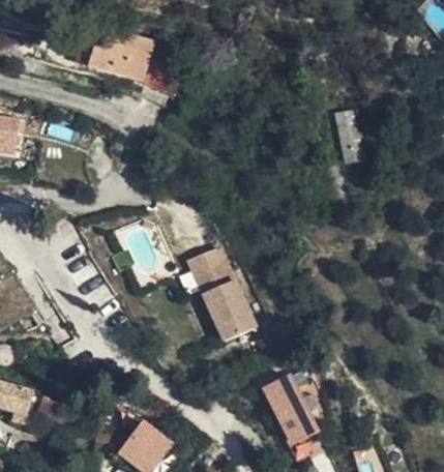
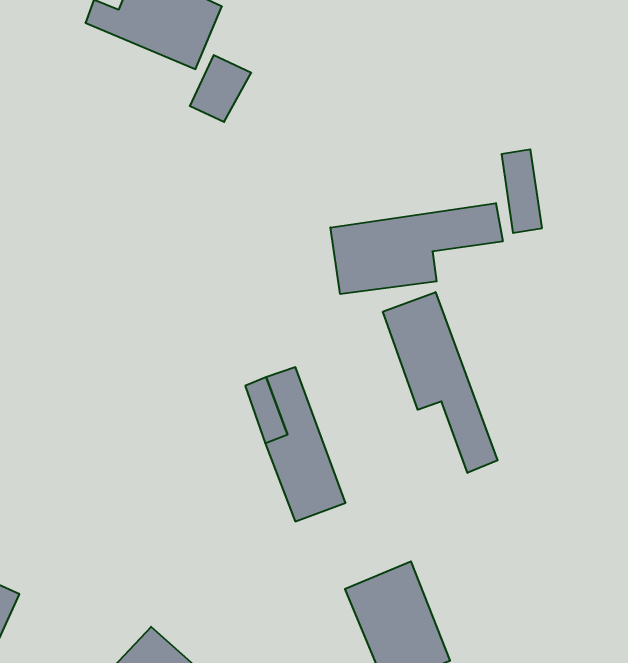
building: none -> [330,203,503,294]
building: none -> [383,292,498,473]

